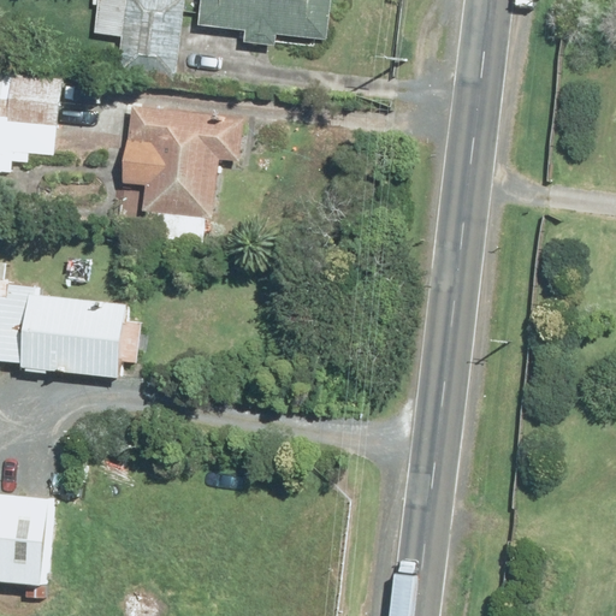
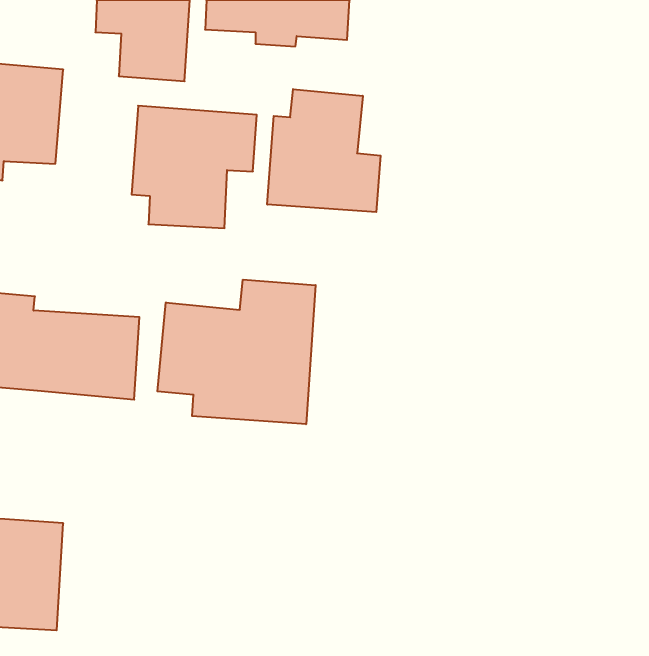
building: none -> [267,89,381,212]
building: none -> [157,280,316,424]

